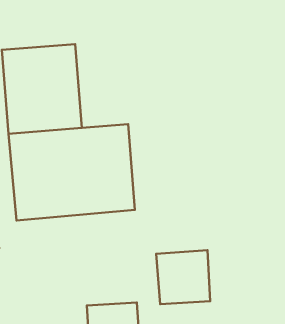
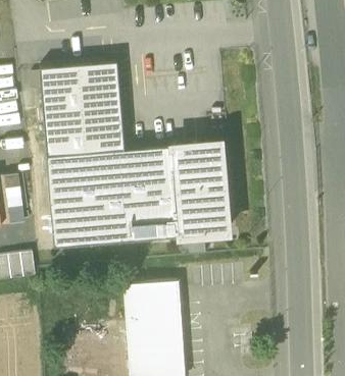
building: none -> [172,141,228,235]
building: [156,250,210,304] -> [125,279,182,336]

